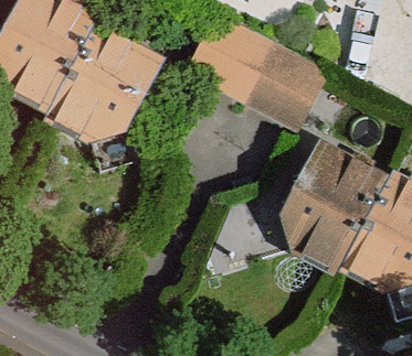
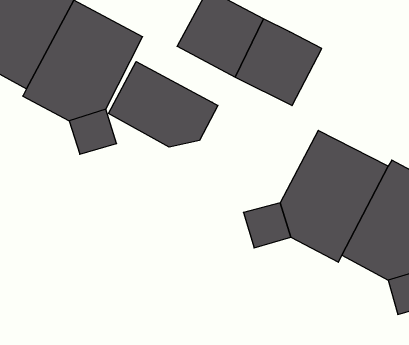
building: none -> [109,62,218,147]

